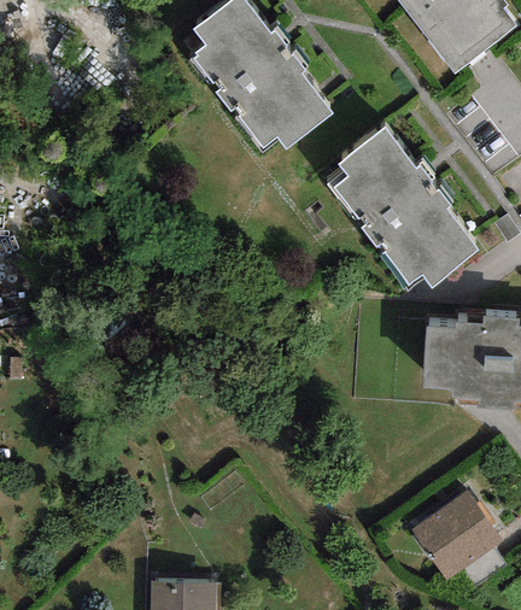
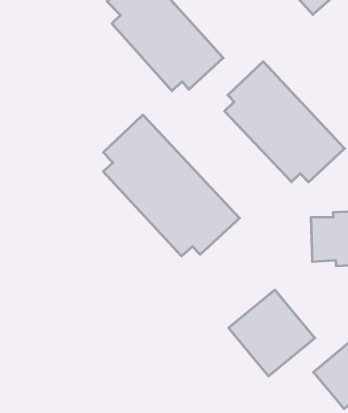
building: none -> [103,115,240,256]
building: none -> [229,290,315,376]

